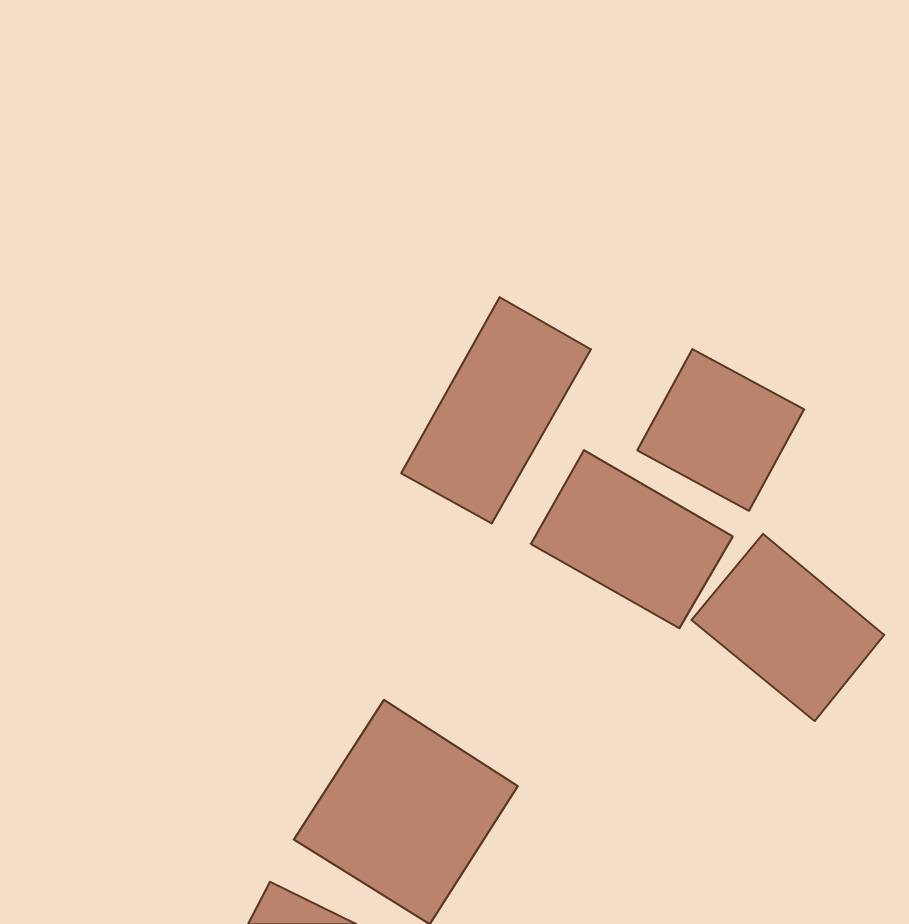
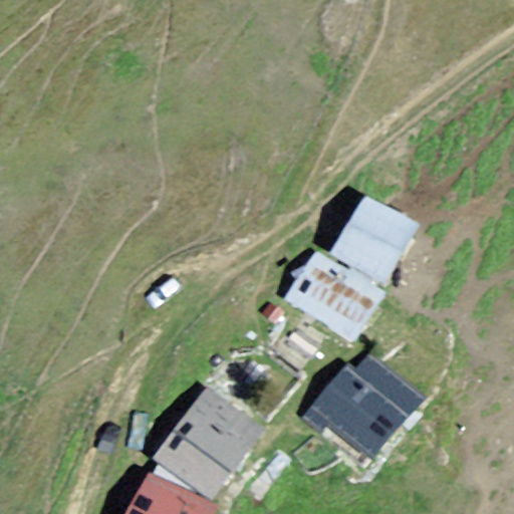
building: [401,297,591,524] -> none
building: [691,534,884,721] -> [313,356,419,459]

